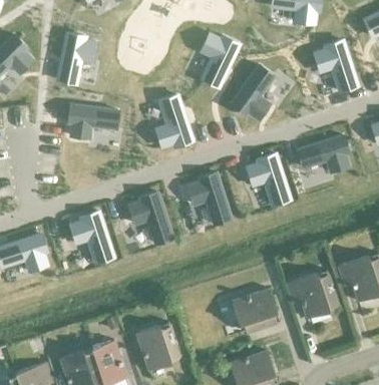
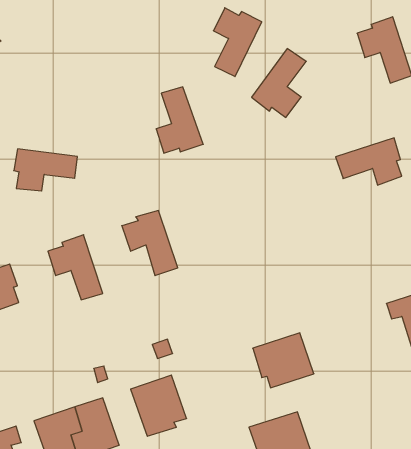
building: [57,33,96,84] -> none
building: [67,105,117,138] -> [14,149,77,191]
building: [247,153,290,205] -> none
building: [187,172,231,225] -> none
building: [286,270,337,318] -> none

